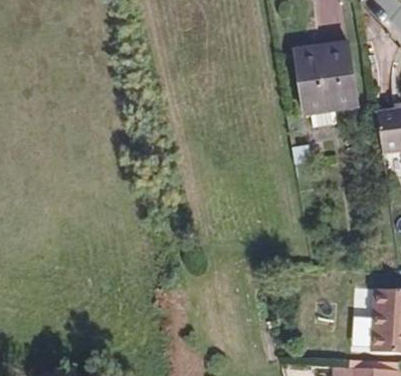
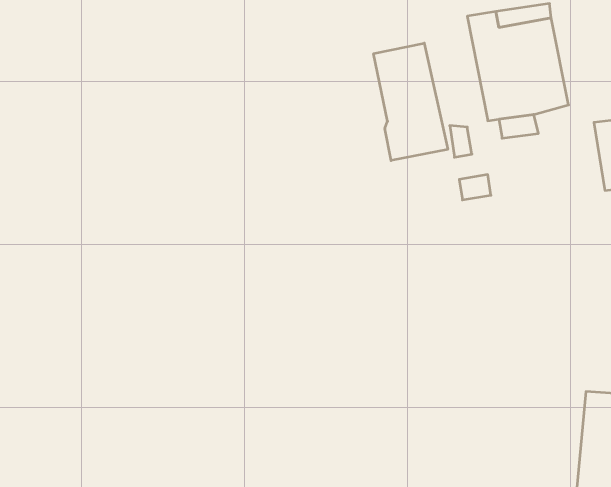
building: none -> [374,43,448,161]

